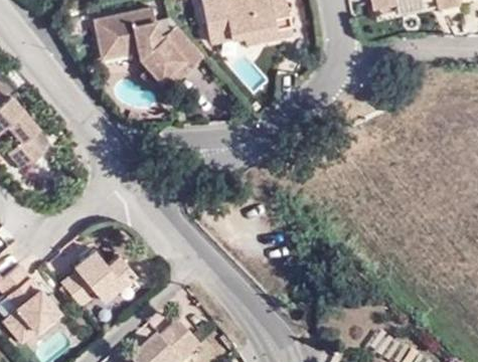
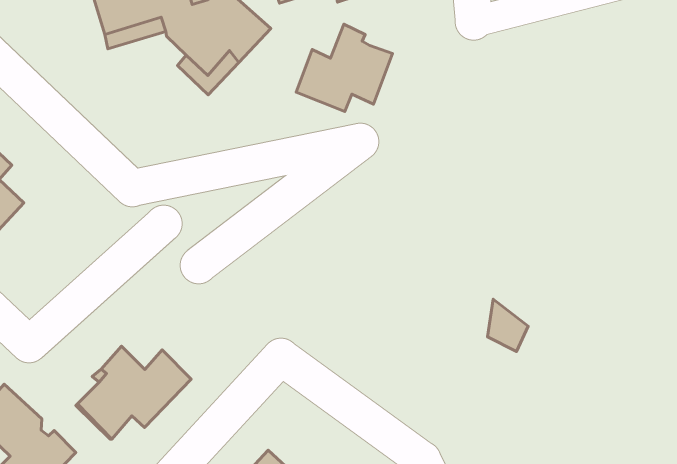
building: none -> [296,24,392,111]

